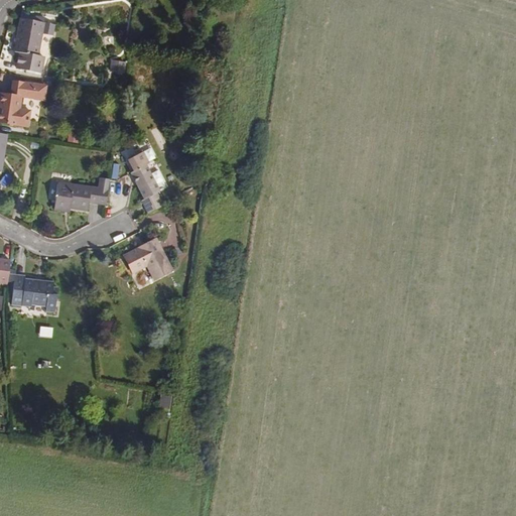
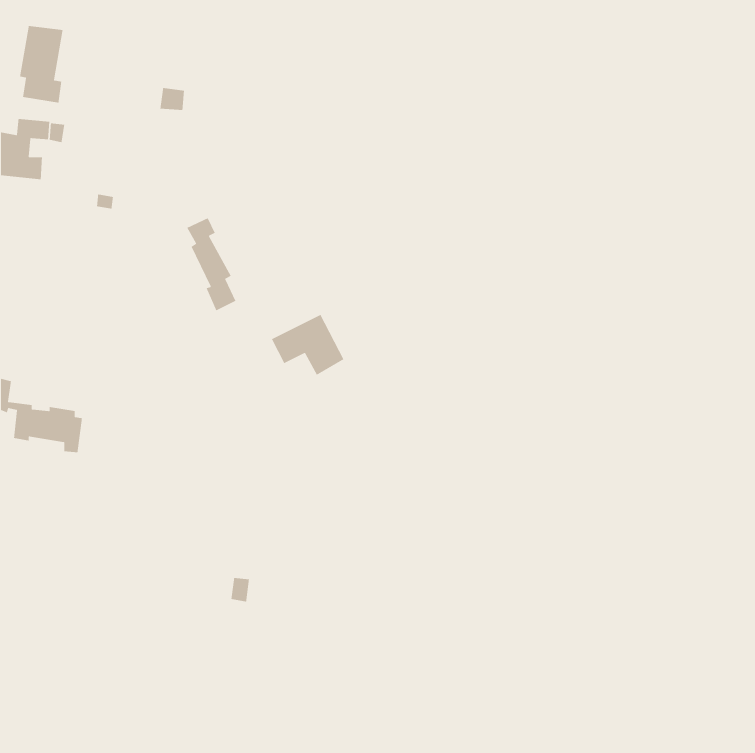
building: [51,177,108,212] -> none
building: [128,236,178,278] -> [271,314,345,376]

